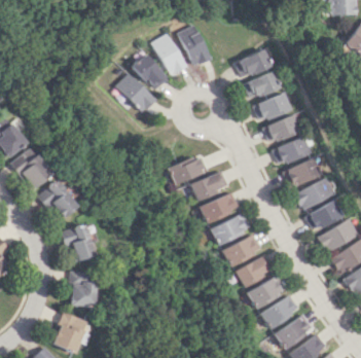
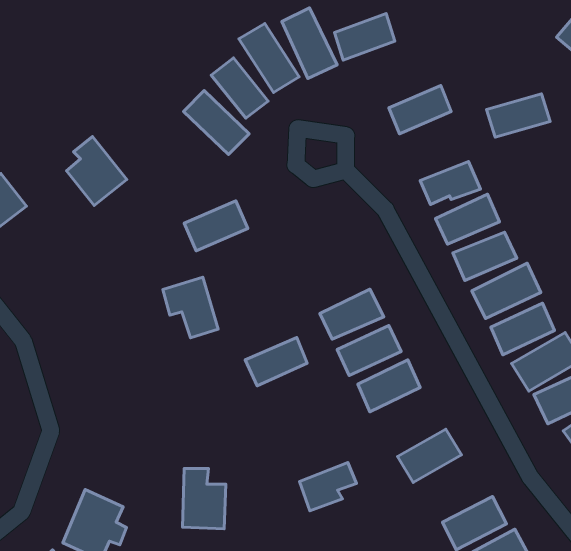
building: [236,50,272,78] -> [335,14,395,60]
building: [253,95,291,120] -> [486,94,550,137]
building: [16,148,52,189] -> [67,136,127,205]
building: [172,154,210,184] -> [184,201,248,251]
building: [192,171,229,200] -> [245,337,307,386]
building: [40,180,77,220] -> none
building: [61,224,94,260] -> [163,277,218,338]
building: [238,257,272,286] -> [299,463,356,511]
building: [68,271,94,307] -> [183,469,226,529]
building: [262,295,299,327] -> none

